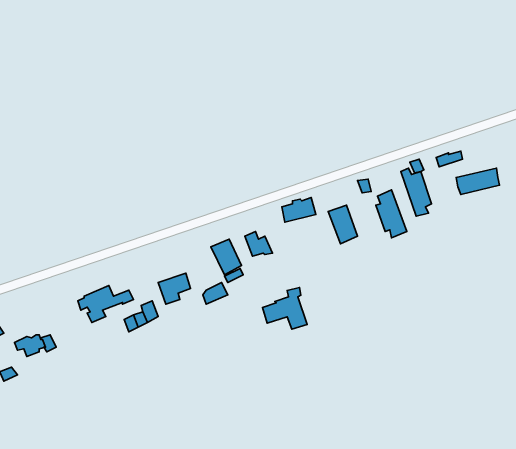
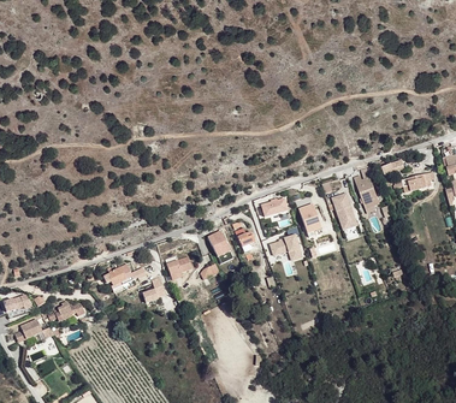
building: [262,288,307,329] -> [268,227,303,260]

